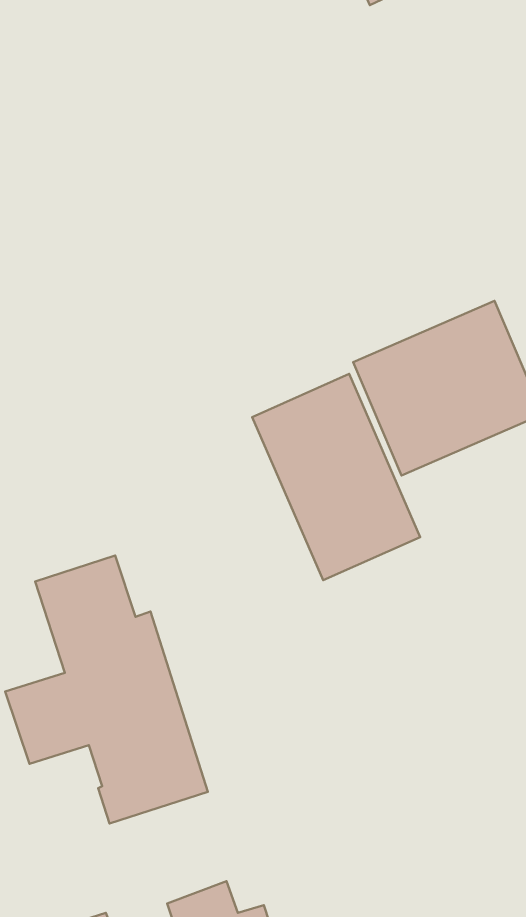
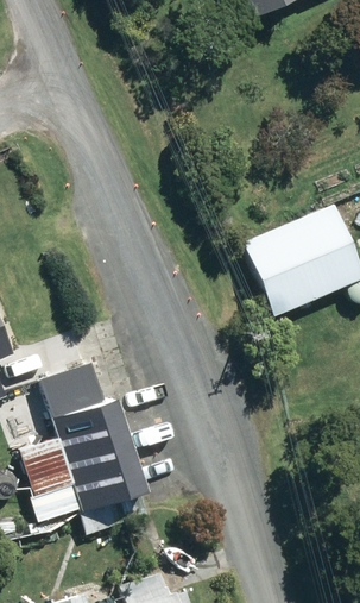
building: [252,374,420,580] -> none

